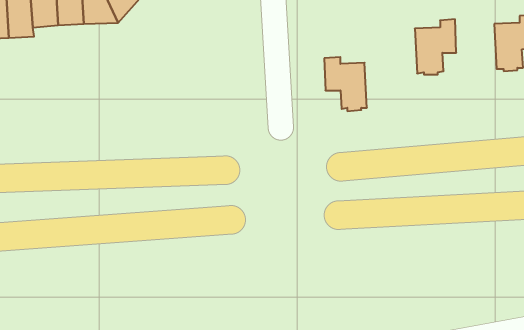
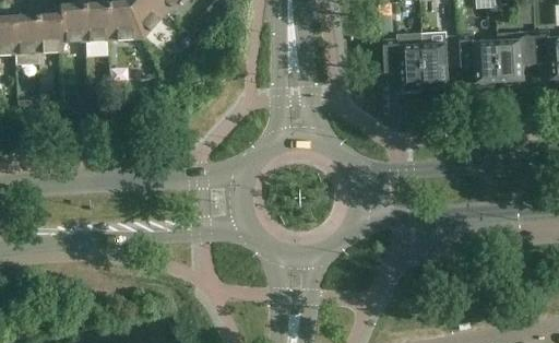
building: none -> [461,34,500,85]
building: [324,57,367,111] -> [384,38,425,90]

